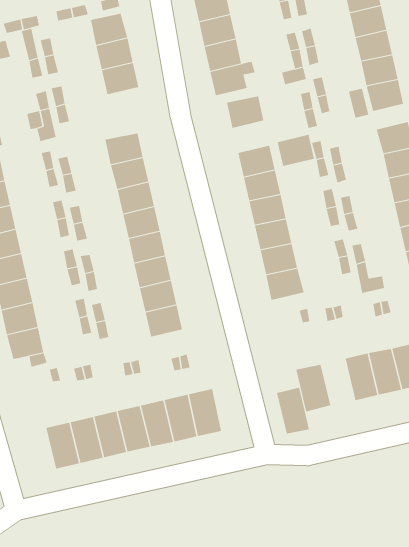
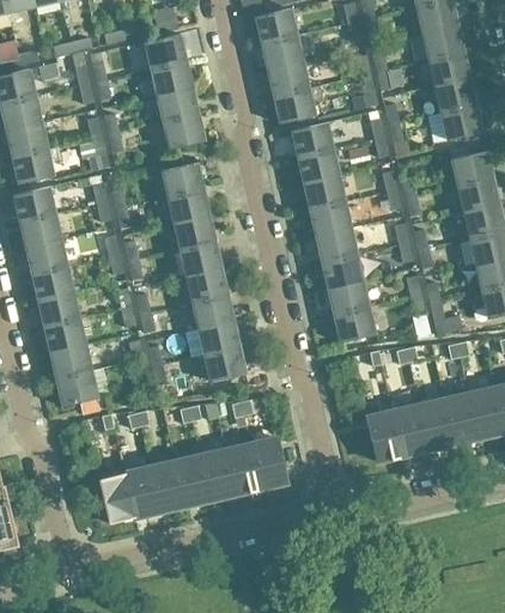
building: none -> [163,113,203,147]
building: [277,134,315,167] -> [297,148,337,183]
building: [276,387,310,434] -> [393,403,428,454]

